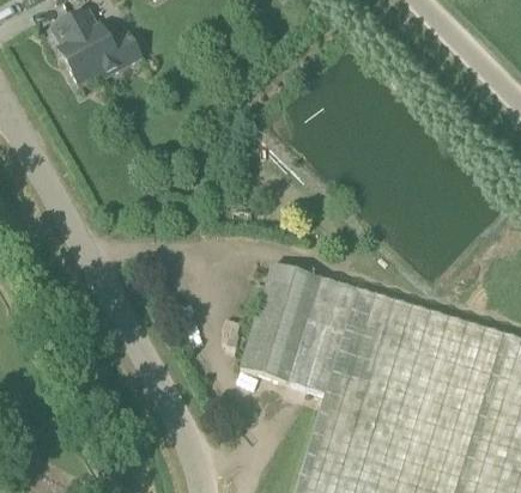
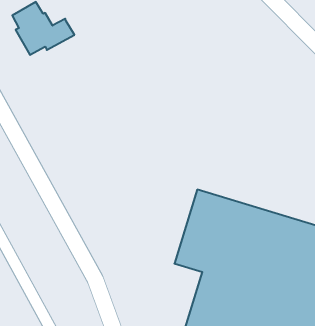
building: [241,264,317,383] -> none

